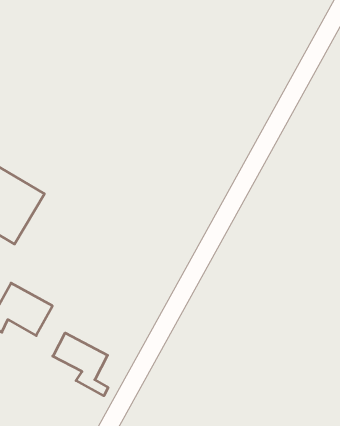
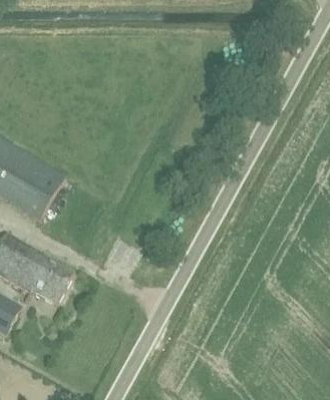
building: [53,333,108,396] -> none

